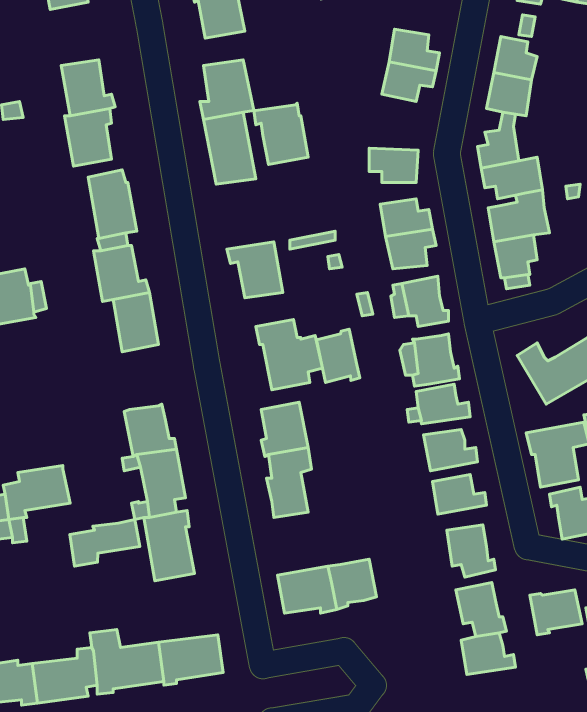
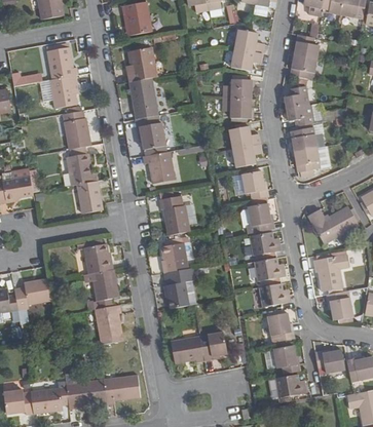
building: [254,103,308,164] -> [135,114,165,149]
building: none -> [223,79,252,99]
building: [317,329,360,382] -> none
building: [70,519,140,566] -> none

